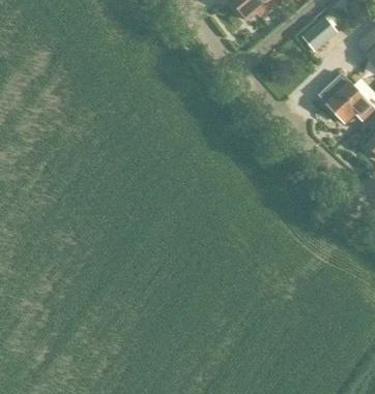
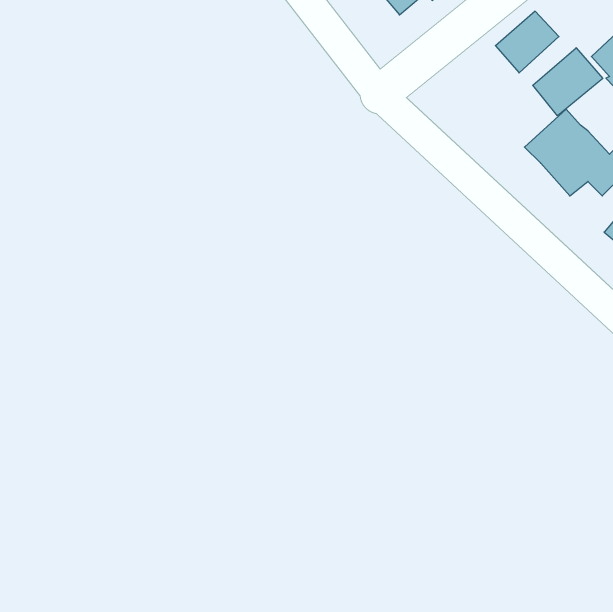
building: none -> [533,48,603,116]

